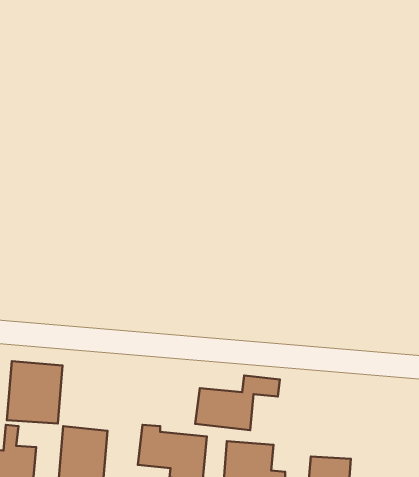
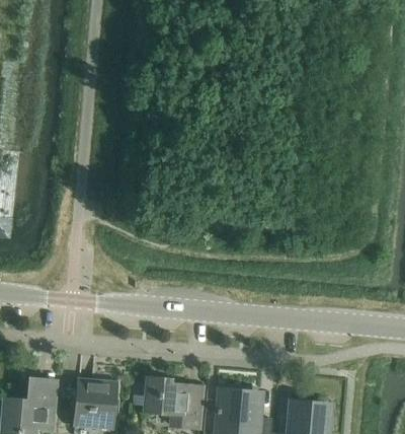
building: [7,361,63,424] -> none
building: [195,375,280,430] -> none

